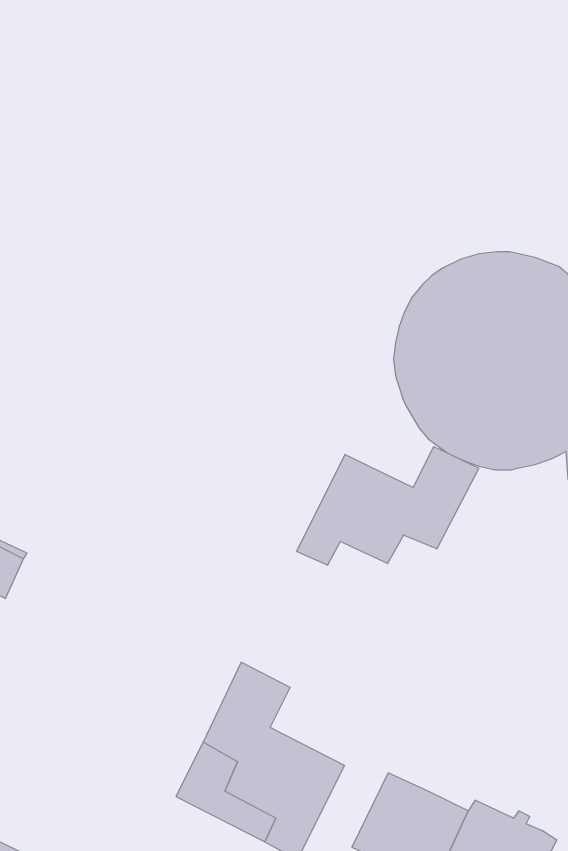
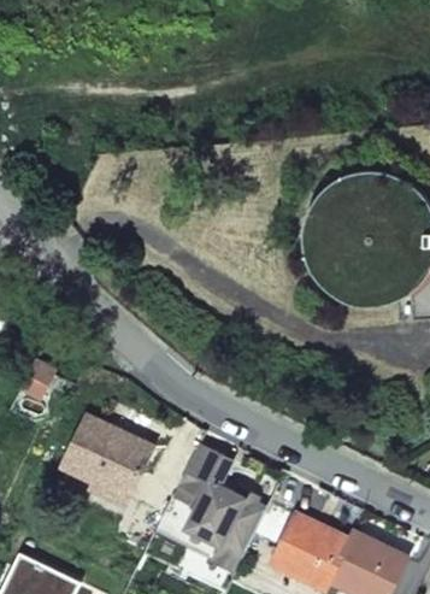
building: [297,447,479,565] -> none
building: none -> [63,416,151,495]

